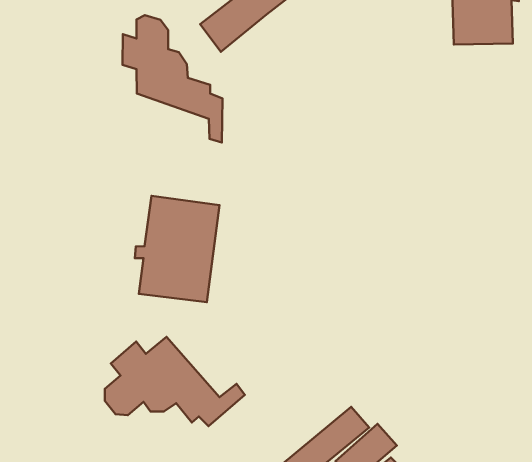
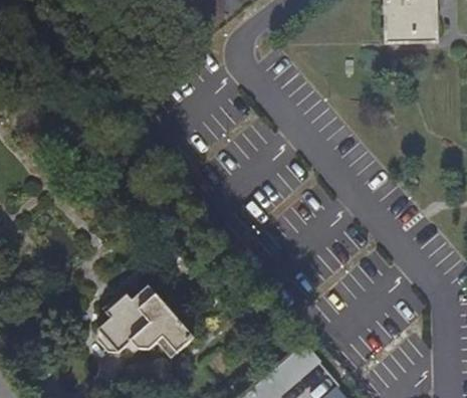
building: [123,15,223,142] -> none
building: [135,196,220,302] -> none

